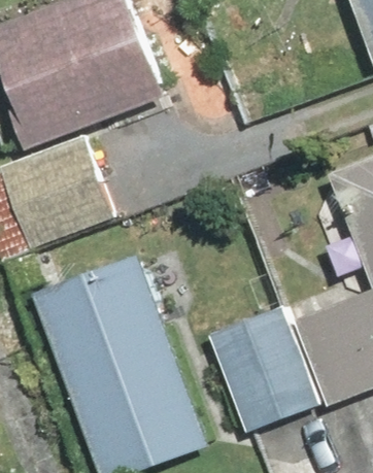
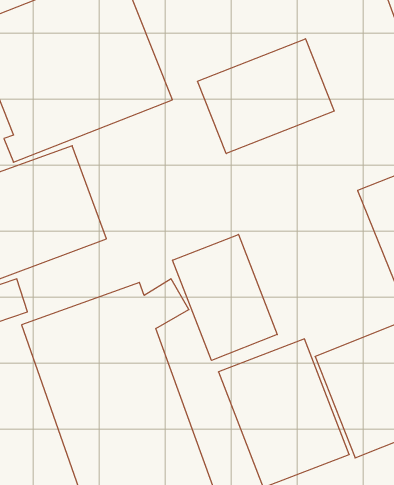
building: none -> [197,39,334,154]
building: none -> [173,234,277,360]

